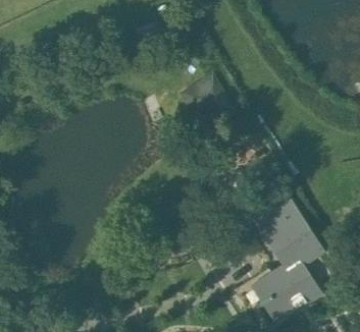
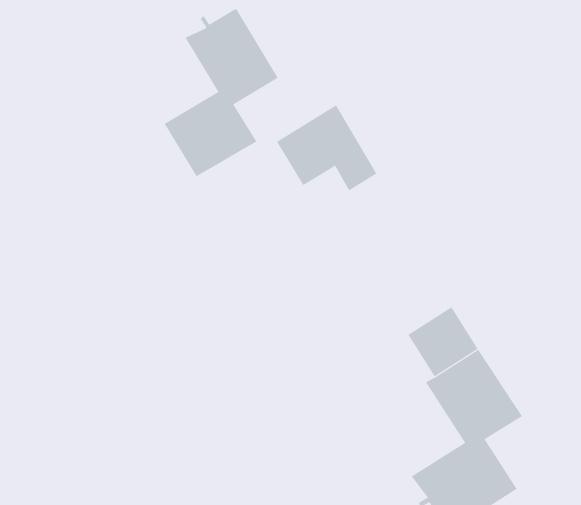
building: none -> [164,8,278,177]

